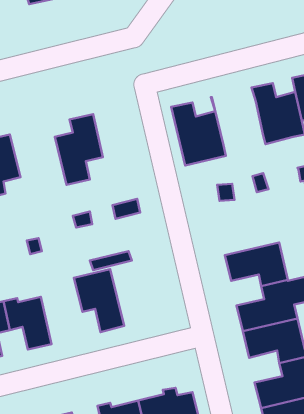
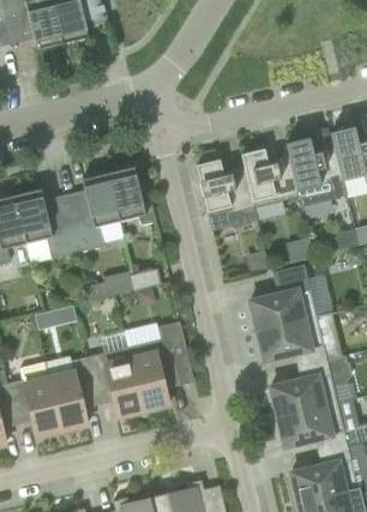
building: none -> [241,143,299,207]
building: none -> [108,167,156,224]
building: none -> [14,188,78,259]
building: none -> [248,264,317,331]
building: none -> [127,337,178,410]
building: none -> [49,356,96,430]

